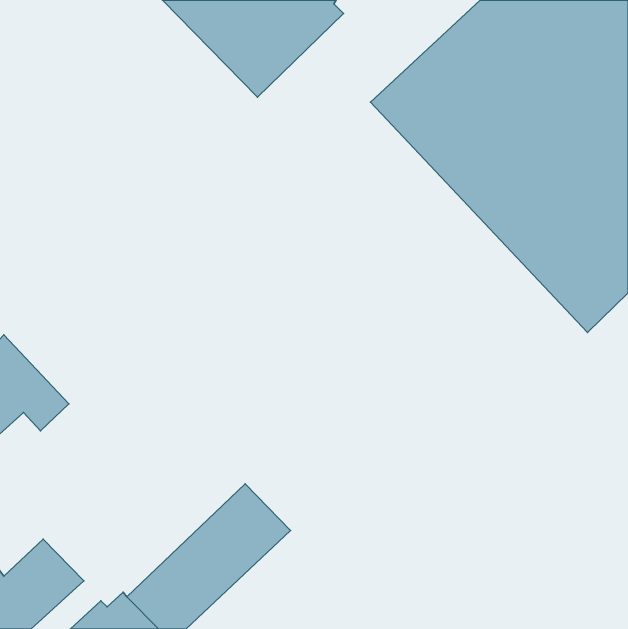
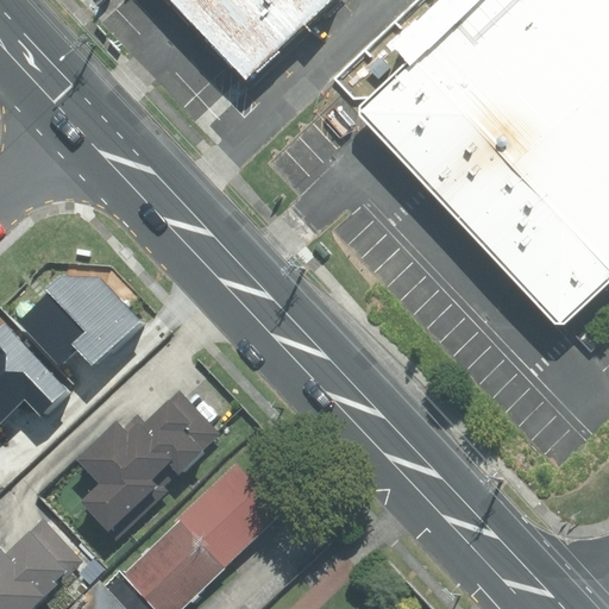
building: none -> [18,275,139,364]
building: none -> [74,390,219,541]

